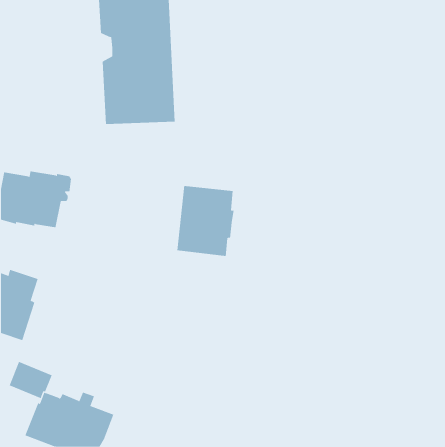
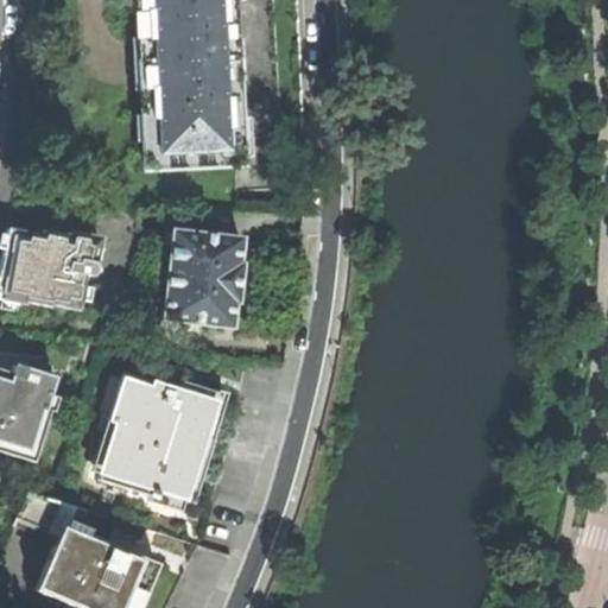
building: [176,186,234,257] -> [165,229,243,325]
building: none -> [101,363,218,499]

